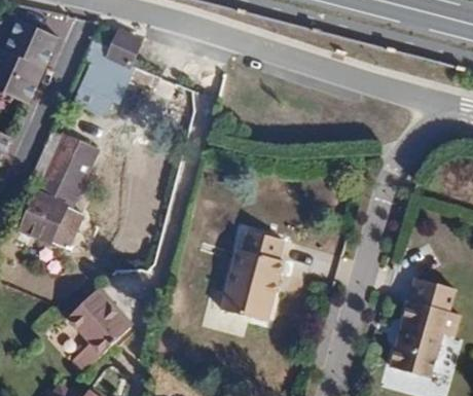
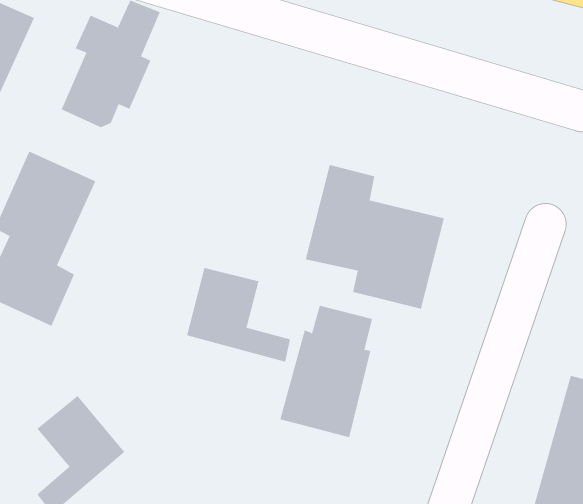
building: none -> [305,164,444,310]
building: none -> [186,267,291,362]

